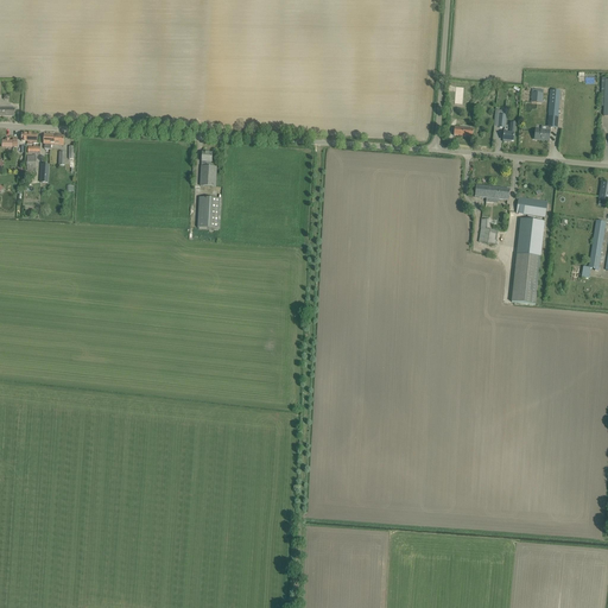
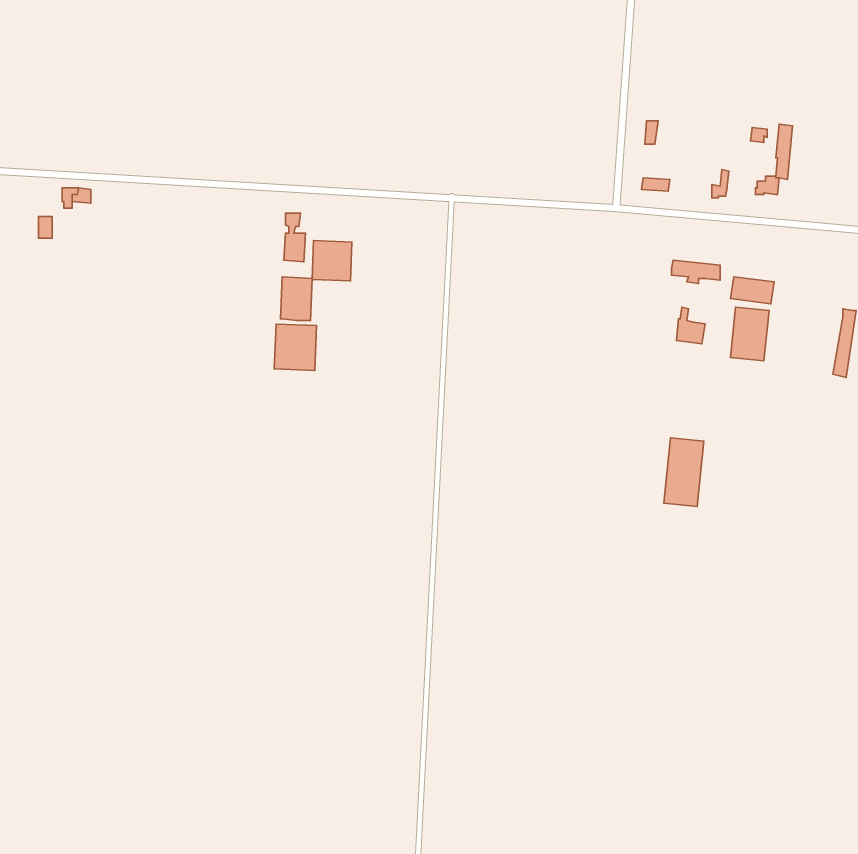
building: none -> [312,241,352,281]
building: none -> [274,324,317,371]
building: [512,253,540,302] -> [664,438,704,507]

